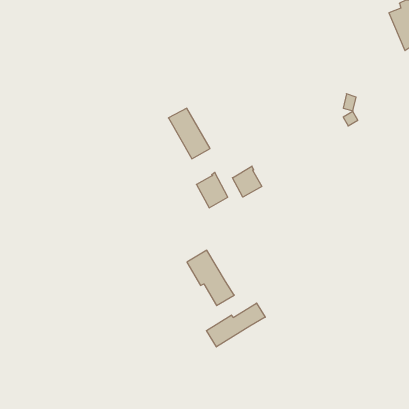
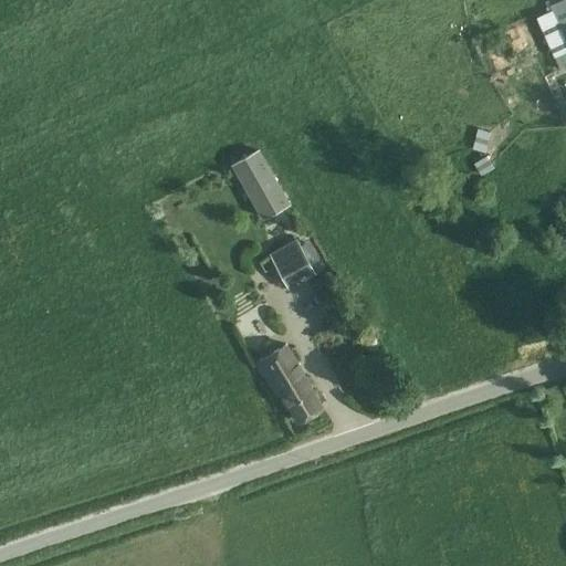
building: [232,166,262,197] -> none
building: [206,303,265,347] -> none

